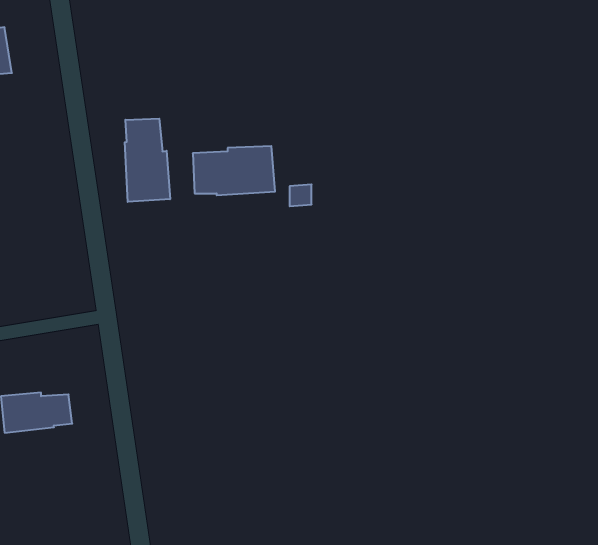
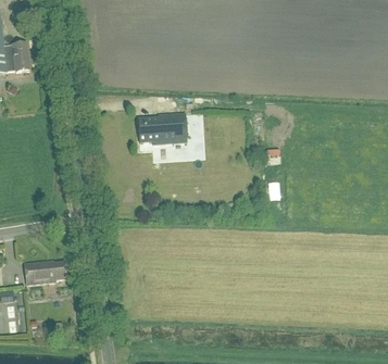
building: [125,119,170,202] -> none

